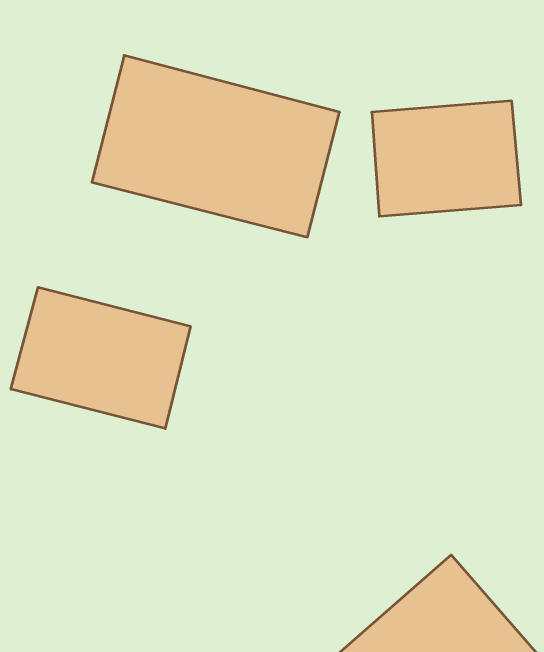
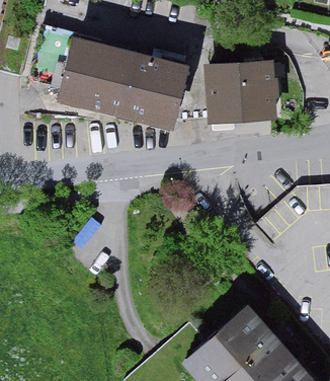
building: [11,287,190,429] -> none

